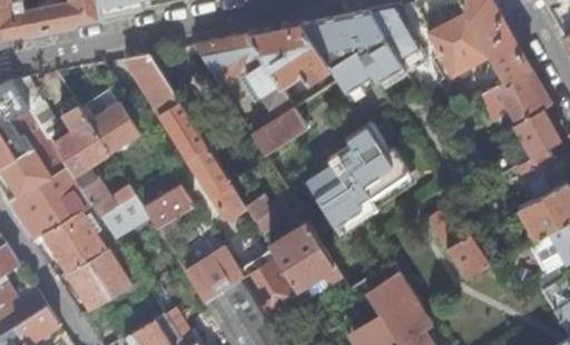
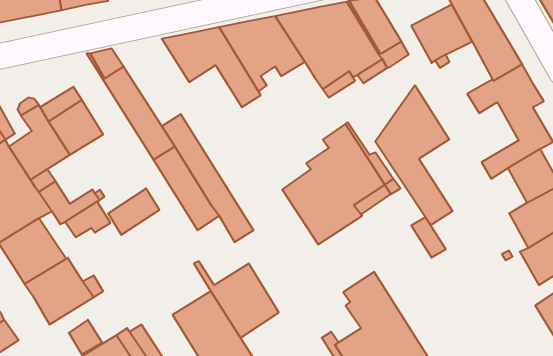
building: none -> [375,85,453,225]
building: [252,108,306,155] -> none
building: [269,221,342,302] -> none
building: [445,236,488,279] -> none
building: [185,254,239,302] -> none

